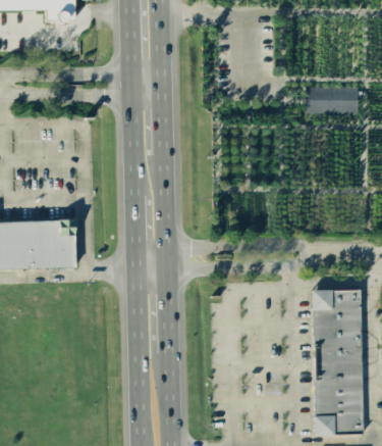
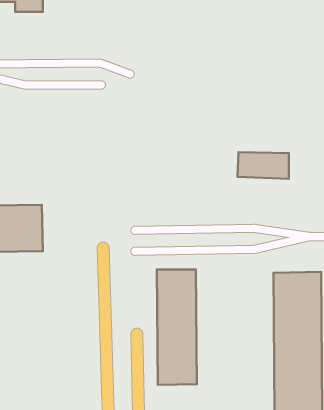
building: [307,87,360,114] -> [237,152,289,179]
building: none -> [157,269,197,385]

